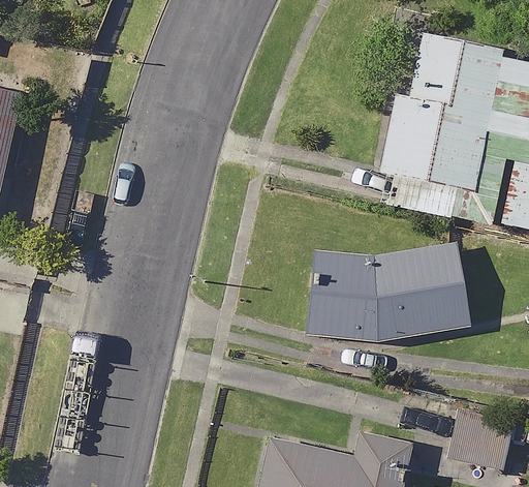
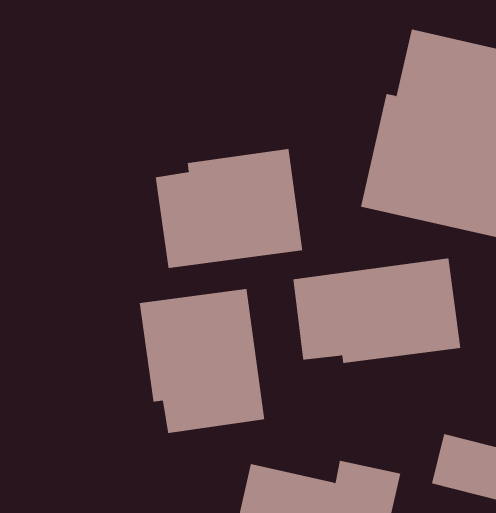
building: none -> [155,148,303,269]
building: none -> [139,288,265,434]

